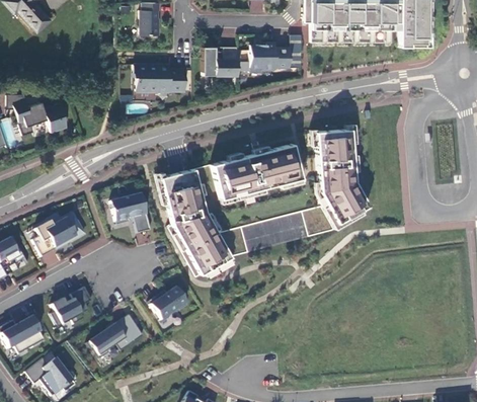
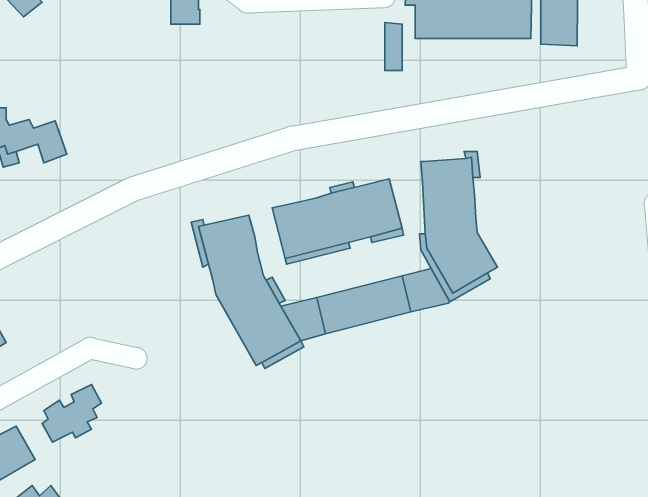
building: [250,42,291,69] -> none
building: [204,46,238,75] -> none
building: [134,63,185,90] -> none
building: [110,192,151,233] -> none
building: [28,213,85,256] -> none
building: [149,287,188,322] -> none
building: [88,314,145,357] -> none

